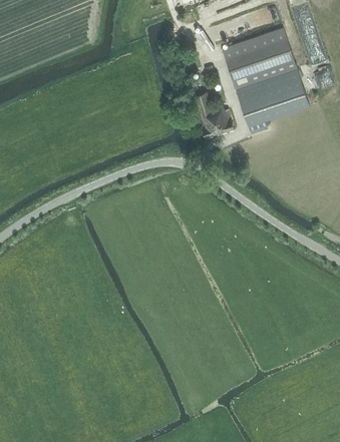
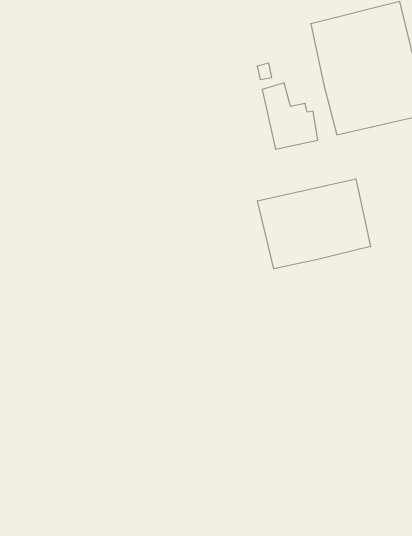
building: none -> [257,179,371,269]

